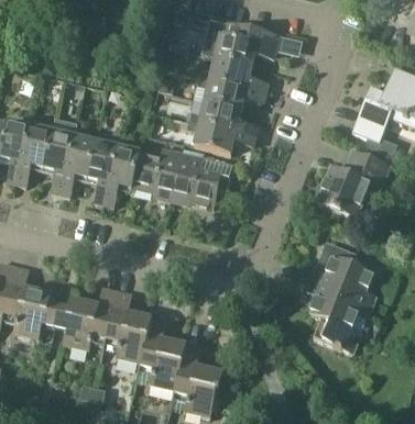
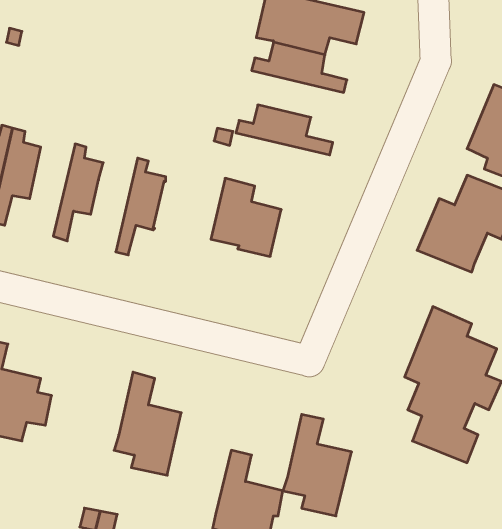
building: [198,76,265,109] -> none
building: [187,120,255,153] -> none
building: [44,125,76,192] -> none
building: [87,135,120,203] -> none
building: [131,147,182,194] -> none
building: [55,284,117,348] -> none
building: [138,316,186,388] -> [283,414,352,516]

